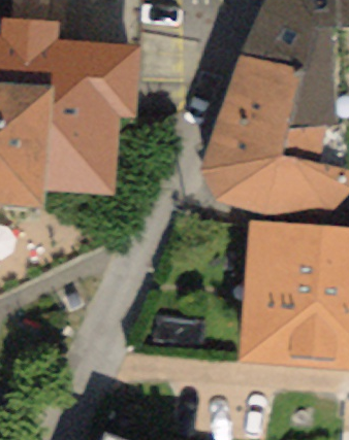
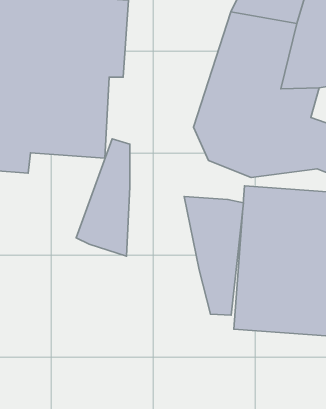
building: none -> [76,139,130,256]
building: none -> [184,196,243,315]

